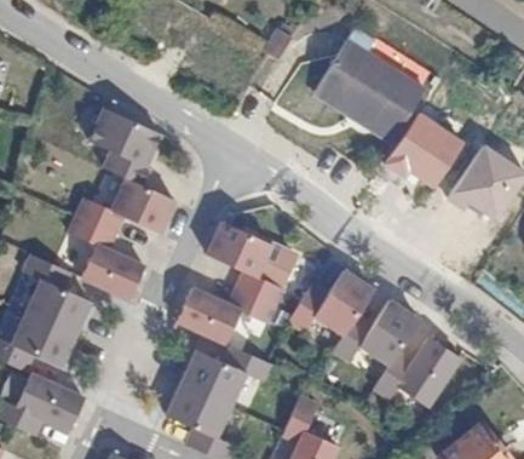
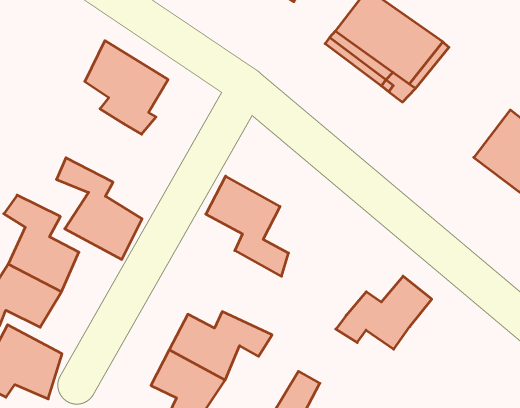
building: [386,108,461,183] -> none
building: [75,179,174,239] -> none
building: [294,269,380,340] -> none
building: [177,286,281,345] -> none
building: [374,338,460,413] -> none

